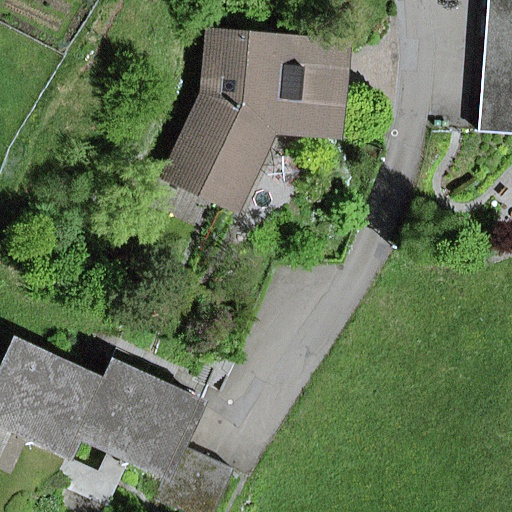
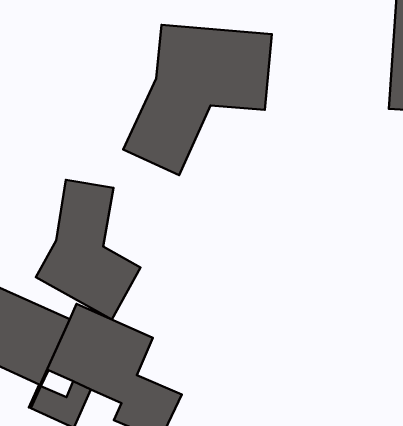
building: none -> [36,180,140,320]

